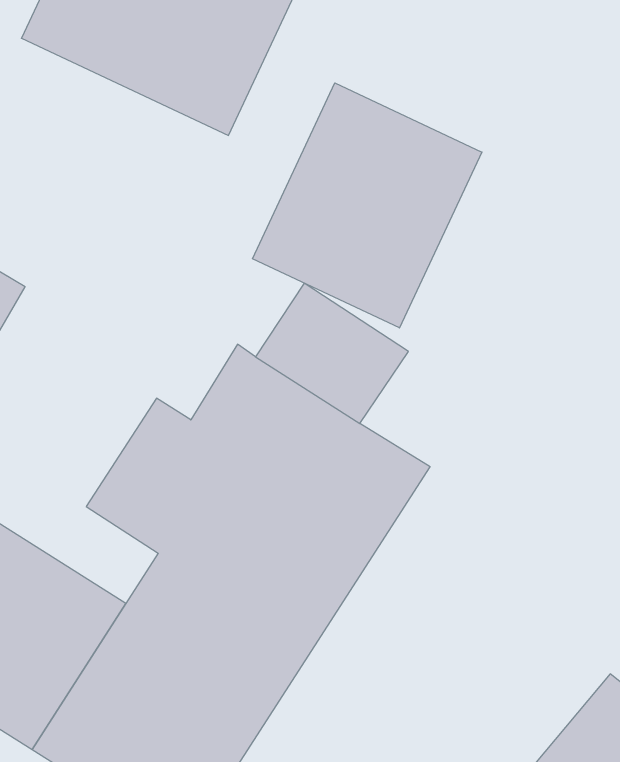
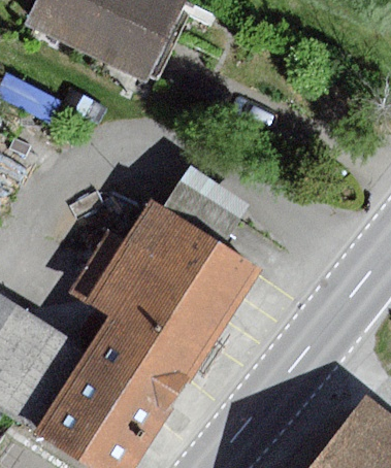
building: [252,83,482,328] -> none

